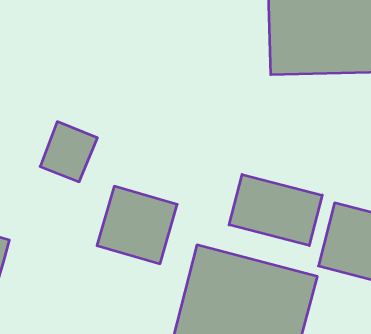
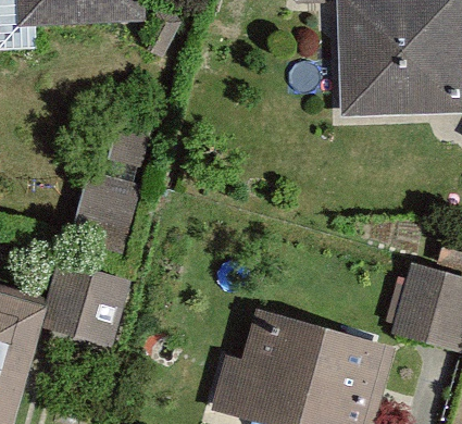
building: [229,174,322,246] -> none
building: [97,186,177,264] -> [40,260,132,348]

